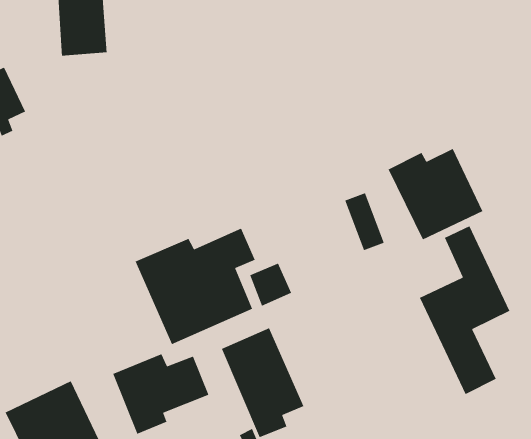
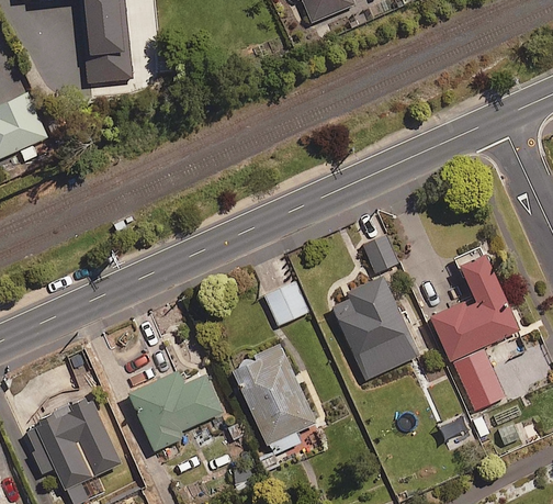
building: [387,148,483,240] -> none
building: [134,228,256,345] -> none
building: none -> [329,275,417,379]

